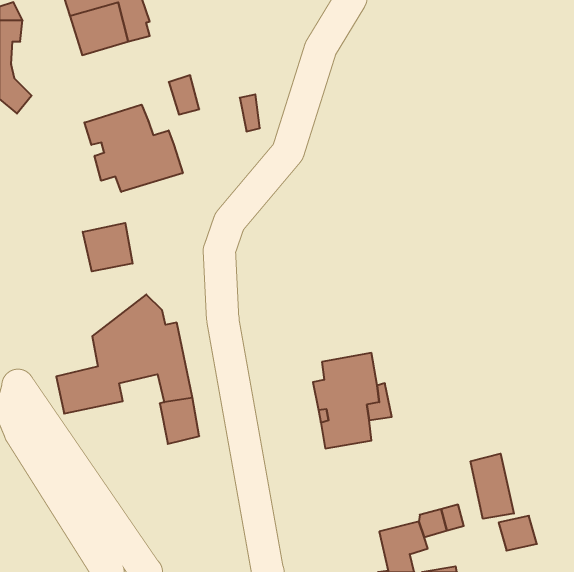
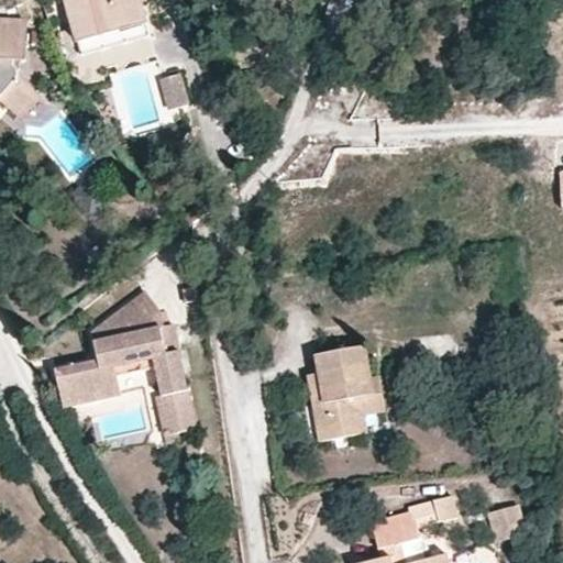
building: [84,105,183,192] -> none
building: [83,223,133,271] -> none
building: [471,454,514,519] -> none

